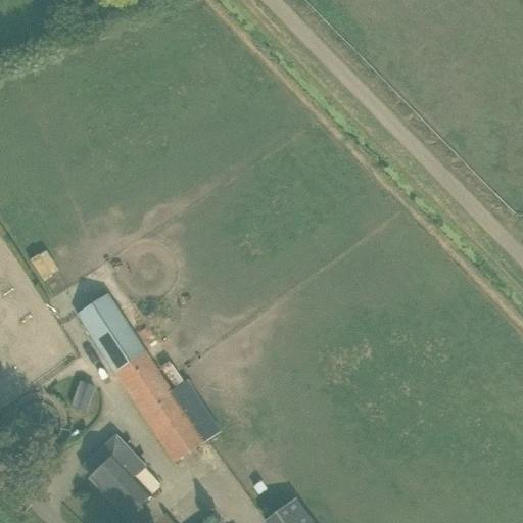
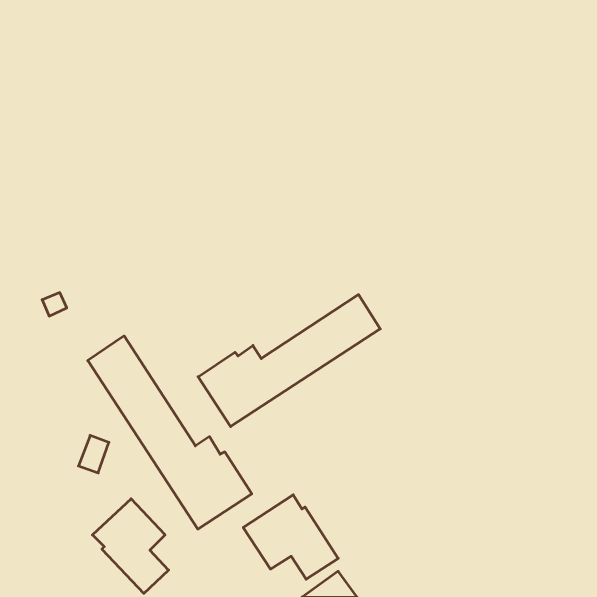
building: none -> [198,295,380,427]
building: none -> [243,495,338,579]

